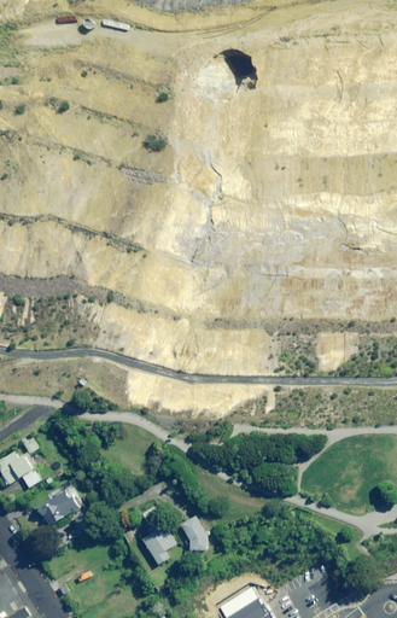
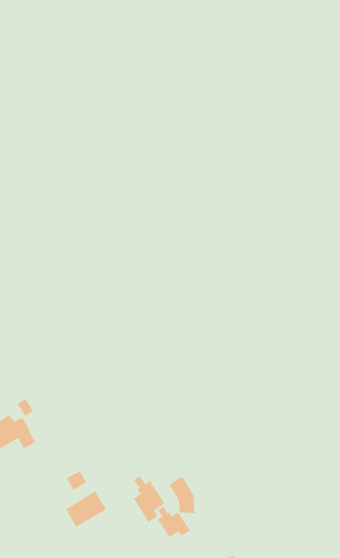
building: [40,488,83,526] -> [65,491,107,527]
building: none -> [157,506,191,538]

